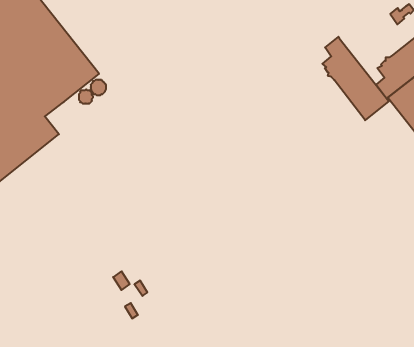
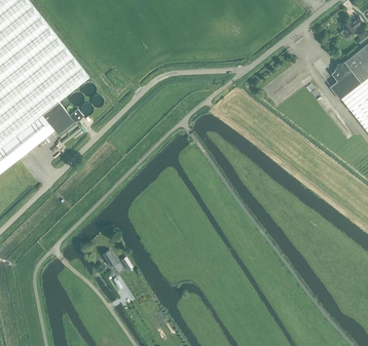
building: [322,37,389,120] -> none
building: none -> [42,102,74,133]

